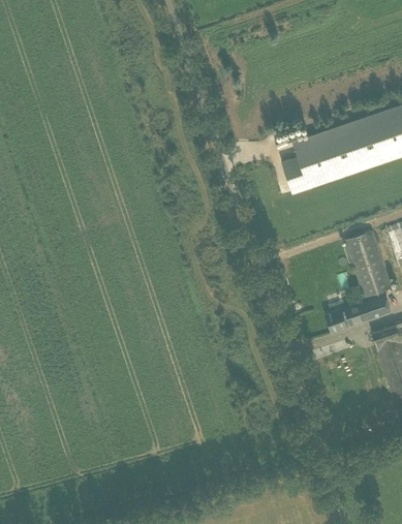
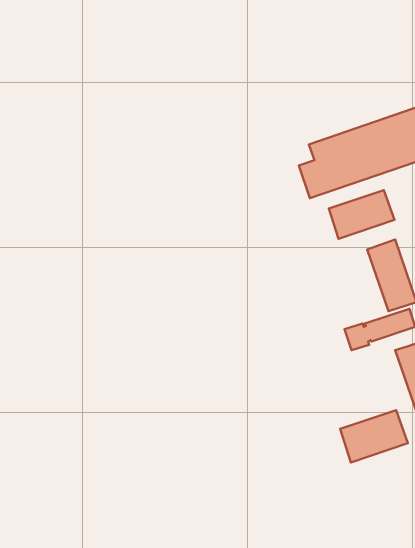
building: none -> [329,190,394,239]
building: none -> [340,410,408,463]

